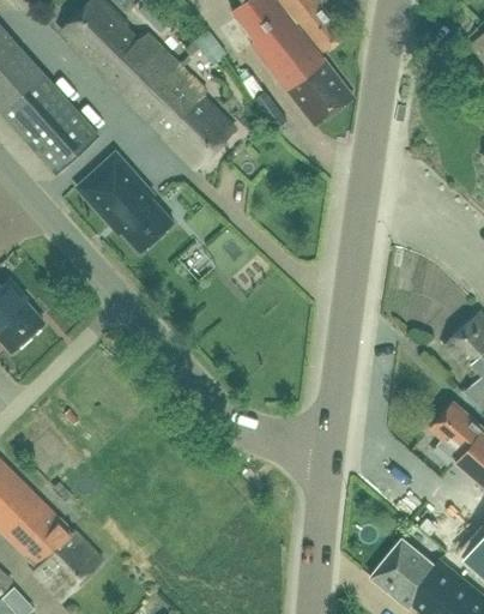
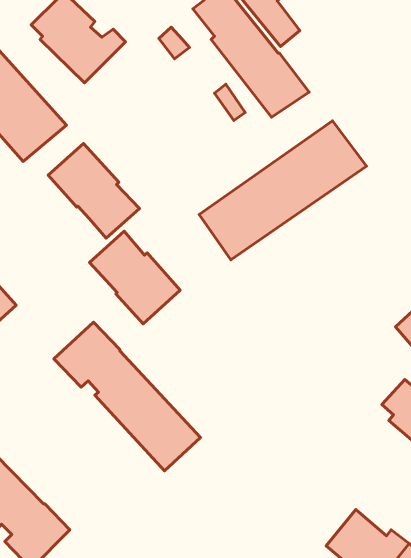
building: [117,47,235,170] -> none
building: none -> [199,121,366,260]
building: none -> [90,231,180,324]
building: none -> [54,322,201,471]

